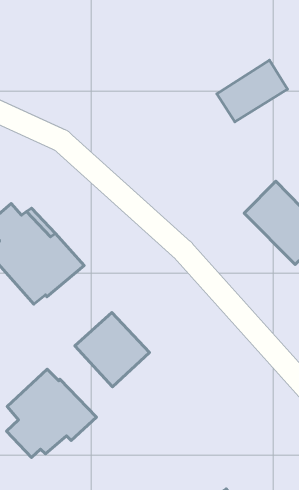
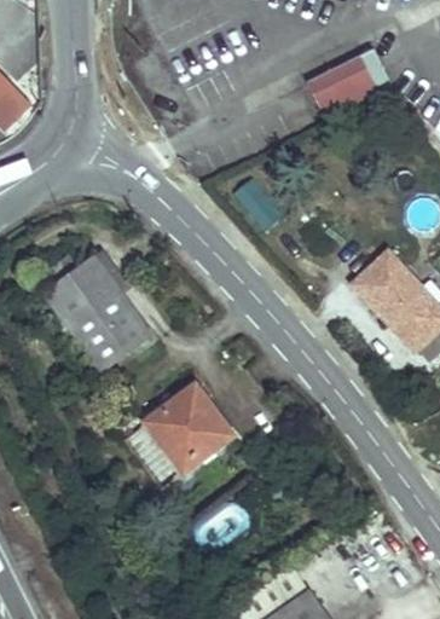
building: [217,60,288,122] -> [308,47,390,115]
building: [6,369,96,458] -> none

